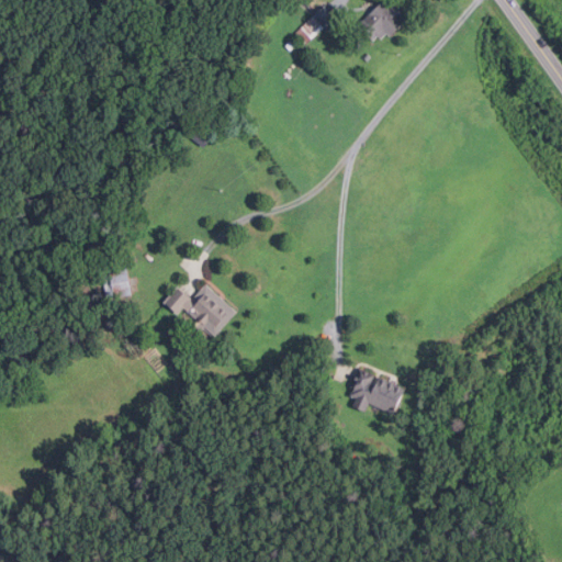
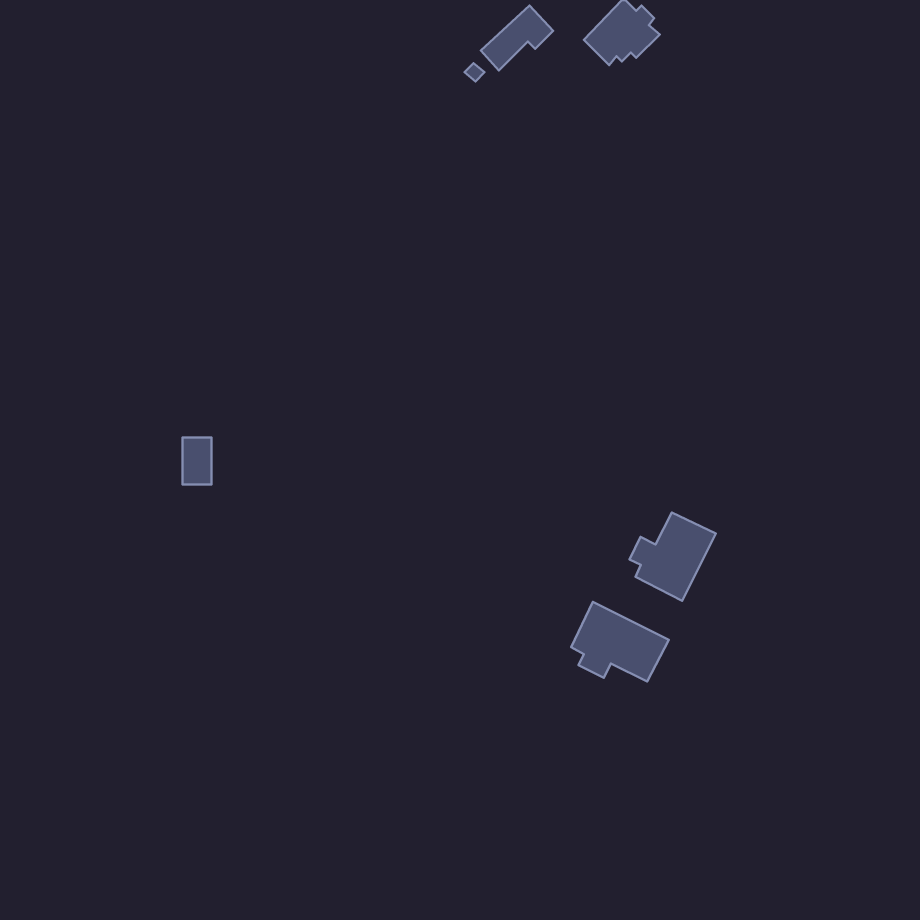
building: [165,284,238,337] -> none
building: none -> [629,512,716,601]

